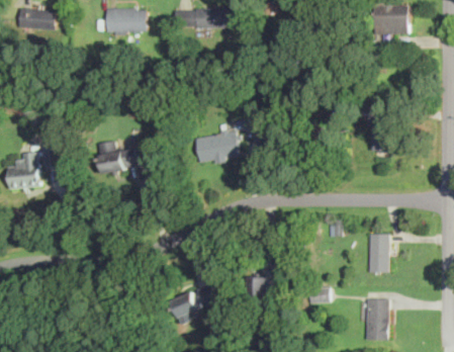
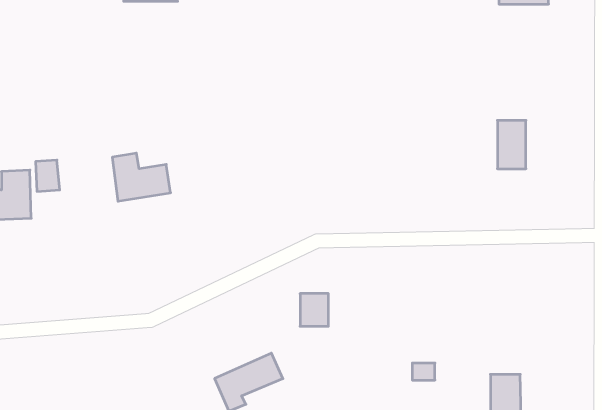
building: [195,130,242,165] -> none
building: [369,234,389,272] -> none
building: [250,277,270,300] -> [300,294,328,326]

